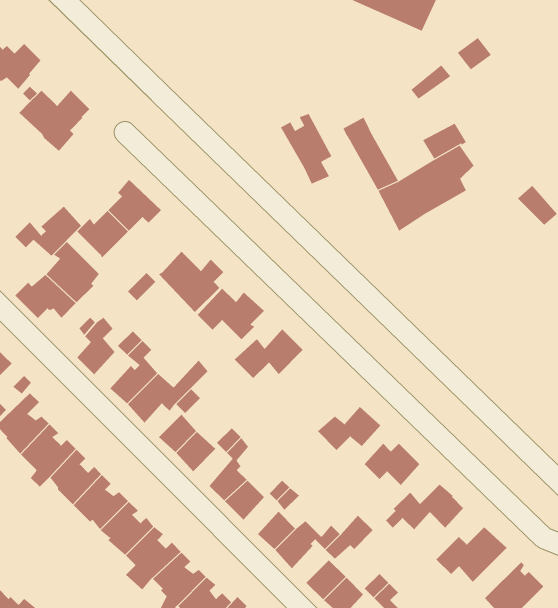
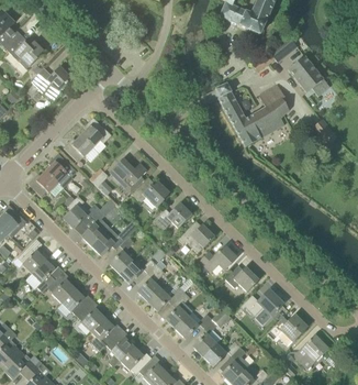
building: none -> [288,56,323,92]
building: [280,113,332,185] -> none
building: [15,206,82,257] -> none
building: none -> [178,223,214,253]

